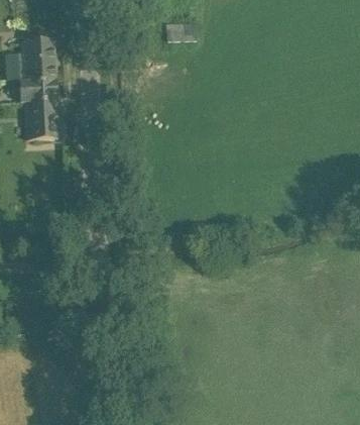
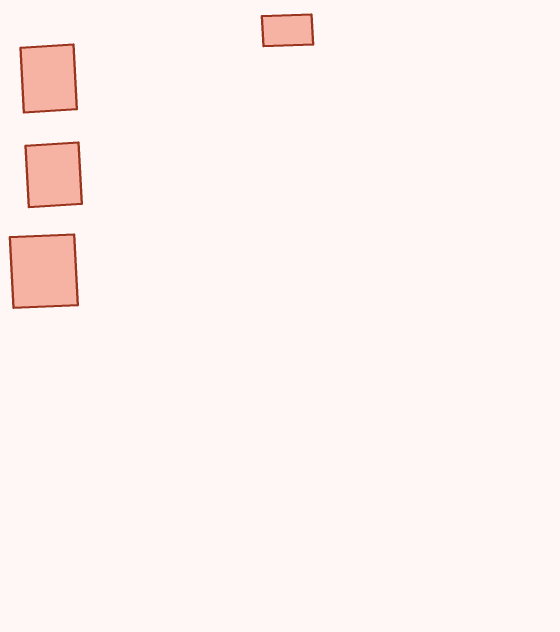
building: [18,77,56,99] -> none
building: none -> [10,234,78,308]

